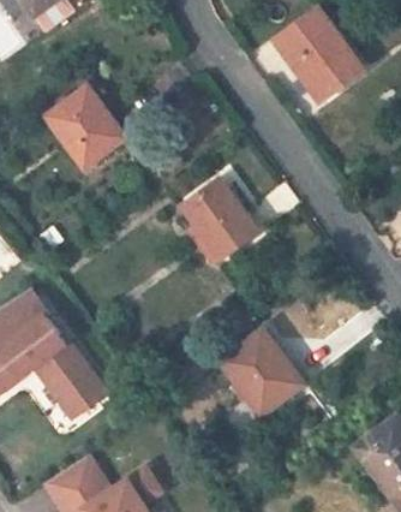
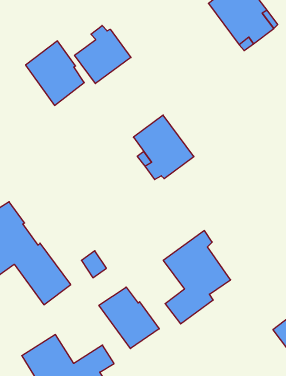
building: none -> [75,25,131,84]
building: none -> [99,287,159,349]

